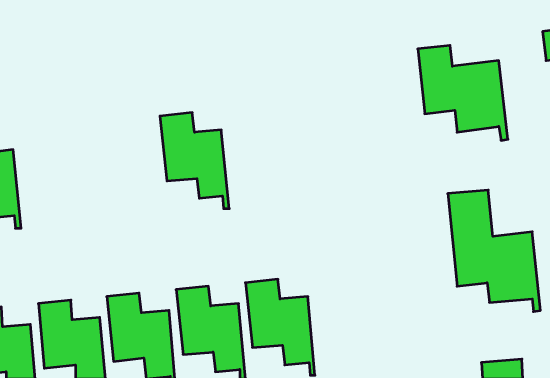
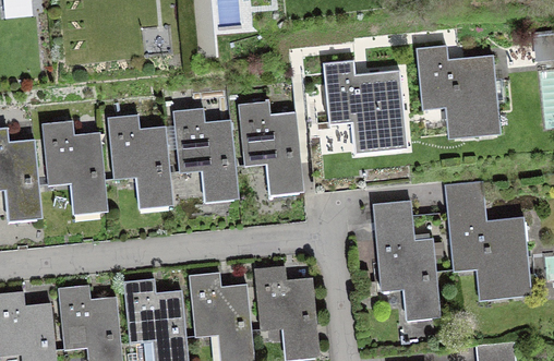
building: none -> [323,61,407,149]
building: none -> [238,103,303,193]
building: none -> [107,116,172,209]
building: none -> [41,122,107,213]
building: none -> [372,202,439,317]

